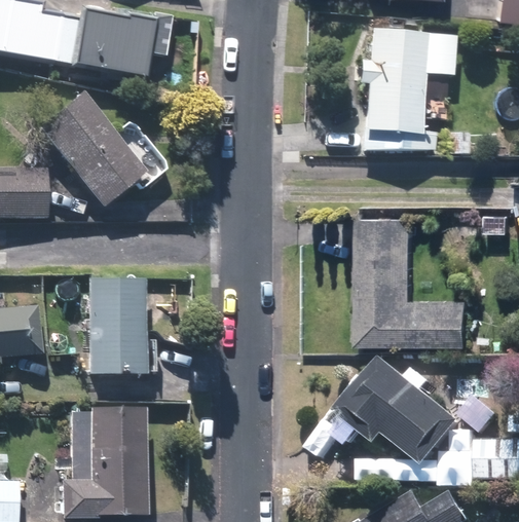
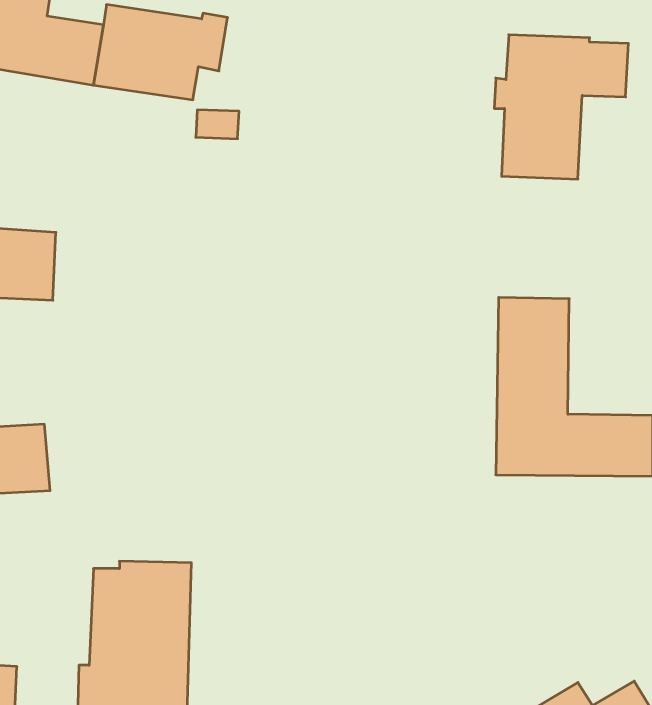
building: [38,94,148,209] -> none
building: [87,281,154,376] -> none
building: [343,355,468,463] -> none

